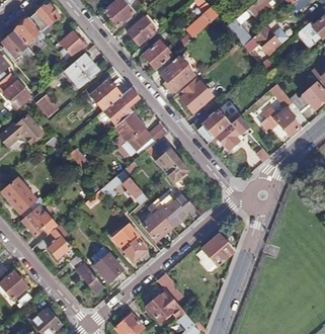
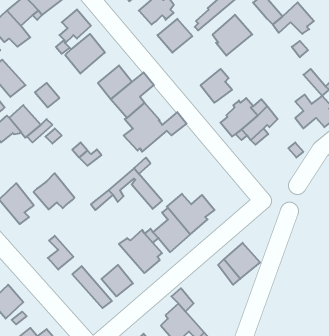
building: [161,55,195,90] -> [213,15,252,56]
building: [146,146,189,181] -> none
building: [21,203,57,235] -> [34,173,74,209]

